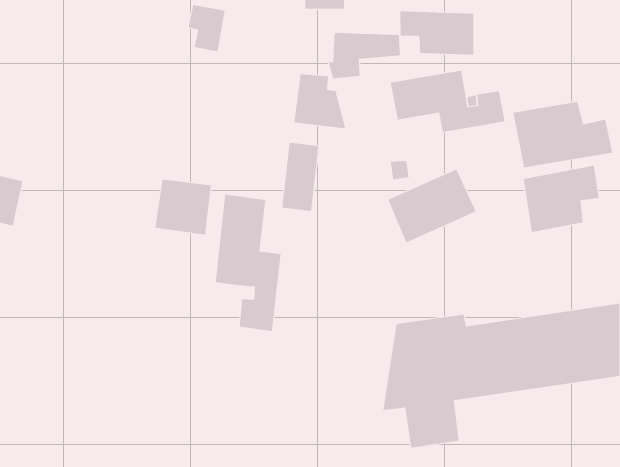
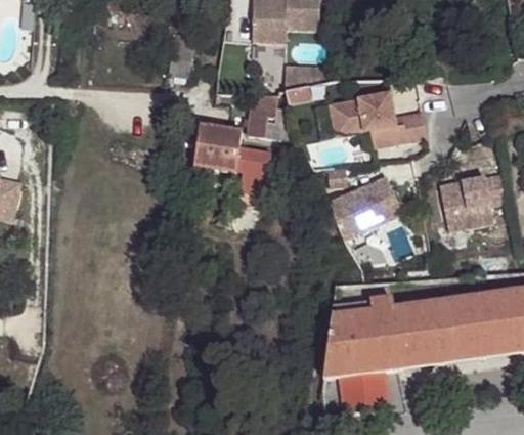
building: [400,10,474,56] -> none
building: [513,101,613,168] -> none
building: [155,179,212,235] -> [191,125,239,172]
building: [215,194,281,332] -> none

